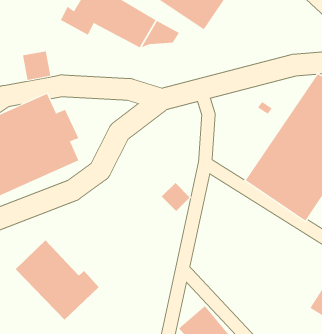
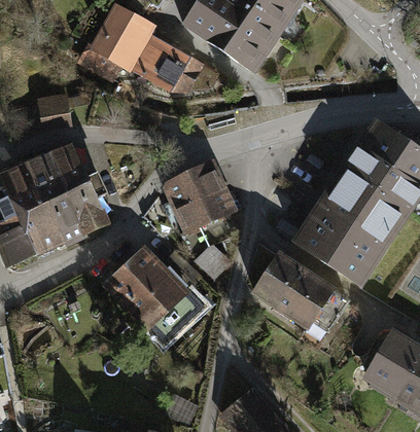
building: none -> [163,161,236,251]
building: none -> [256,253,349,329]
building: [15,240,99,321] -> [109,250,206,343]

